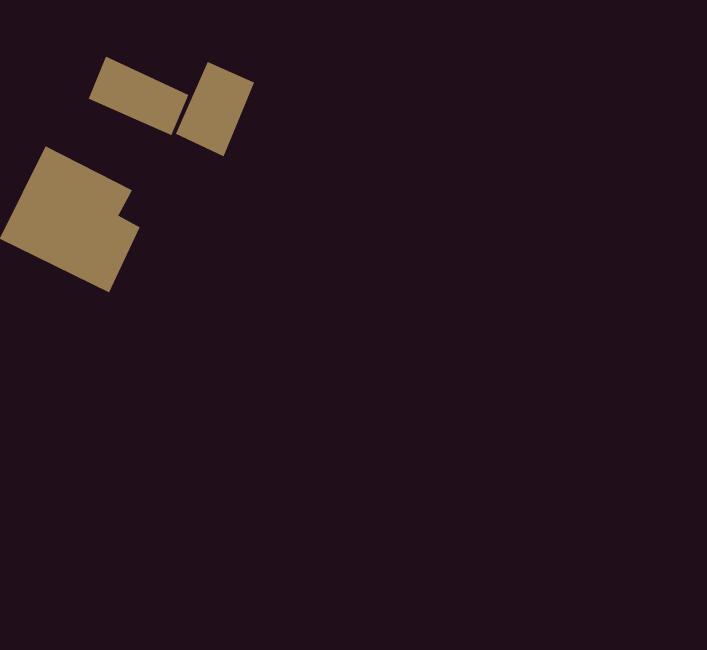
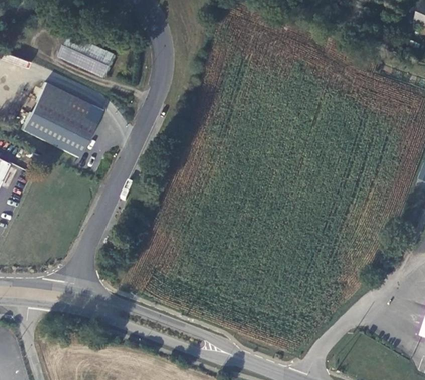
building: [175,61,255,157] -> none

